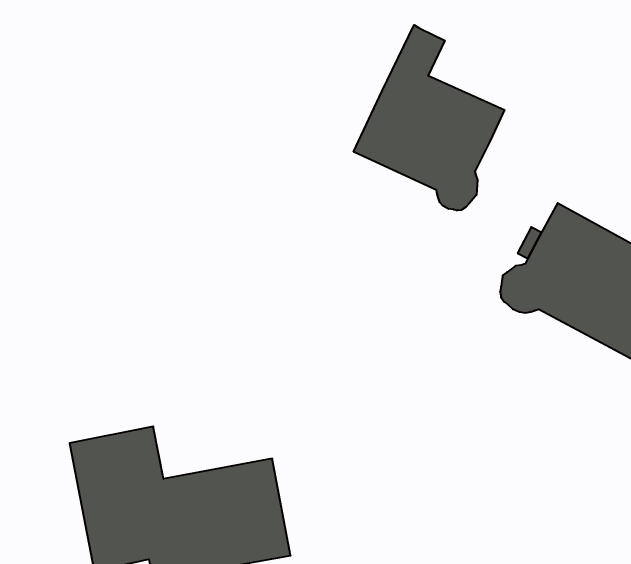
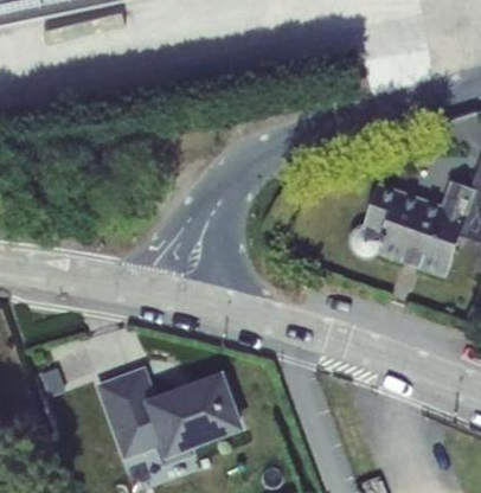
building: [354,25,505,211] -> none

